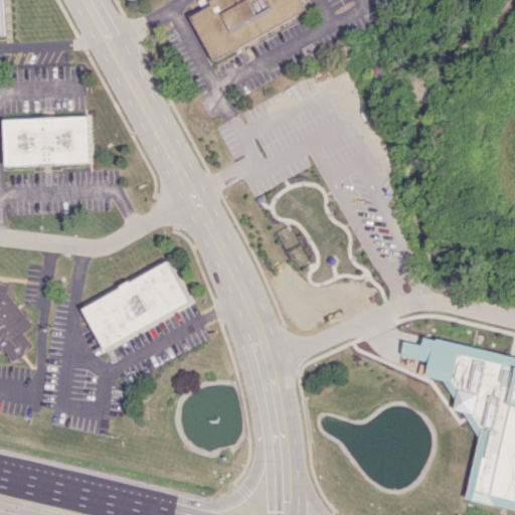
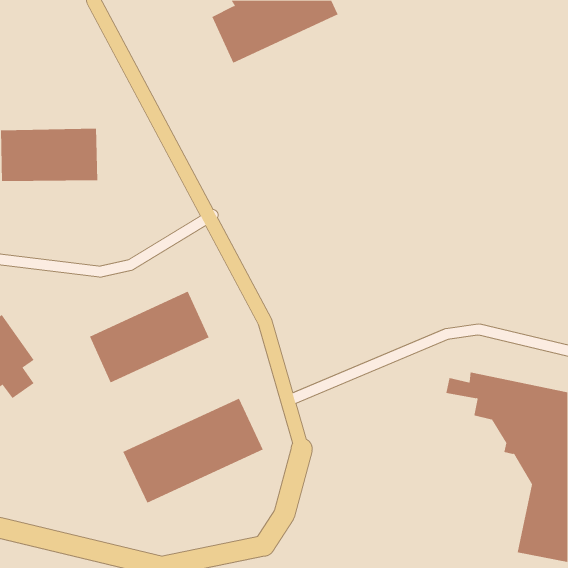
building: none -> [123,398,264,504]

